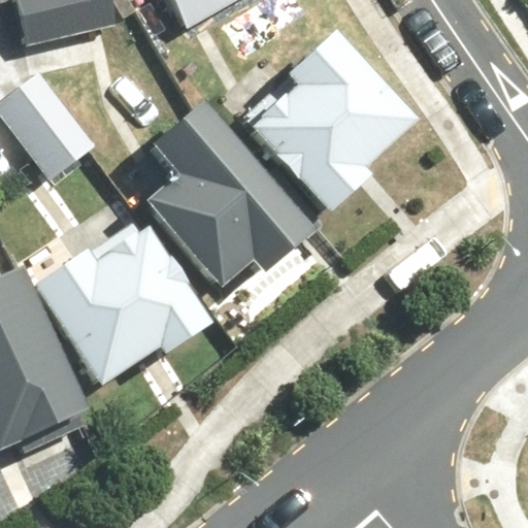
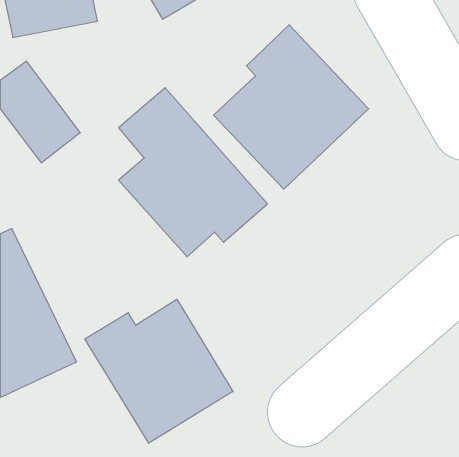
building: [41,224,199,380] -> none
building: none -> [85,299,233,443]

